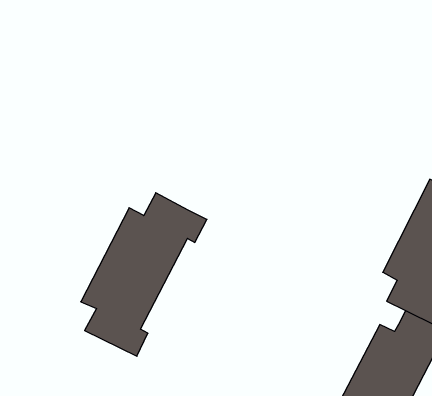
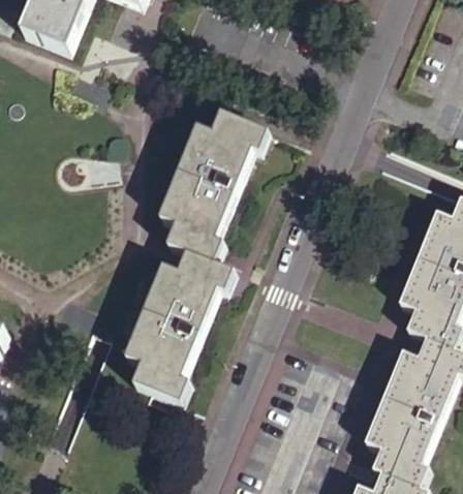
building: none -> [156,109,267,261]

